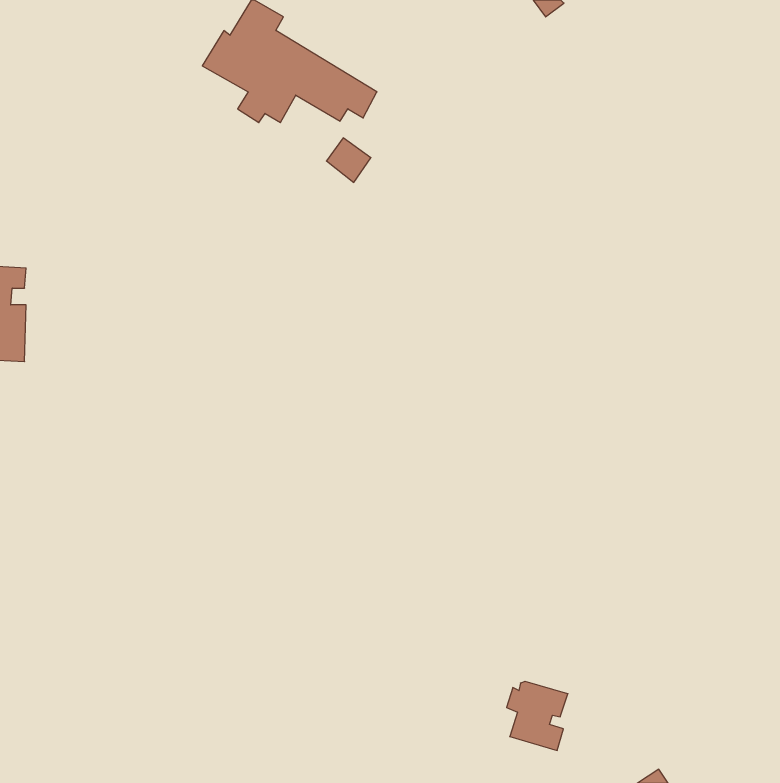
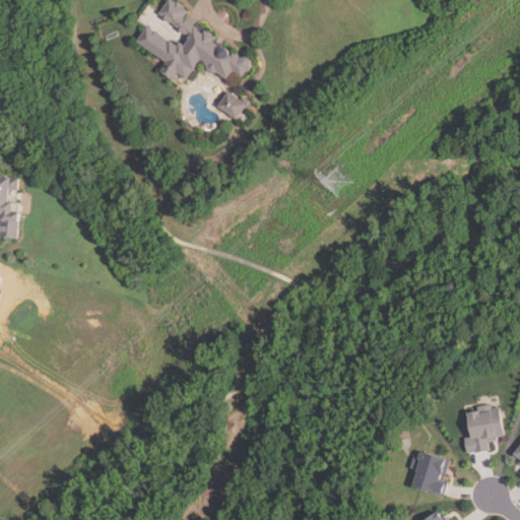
building: none -> [463,407,503,453]
building: [507,681,568,750] -> [409,450,450,496]

